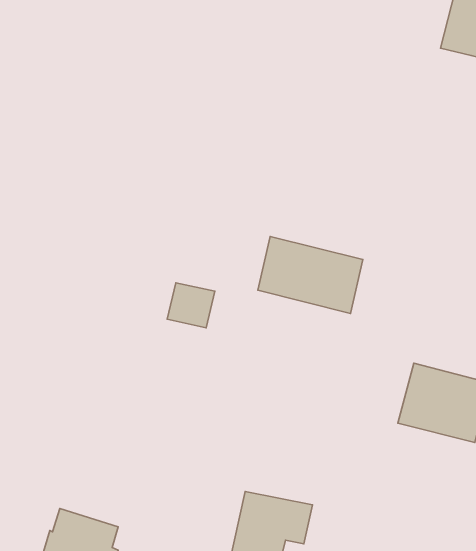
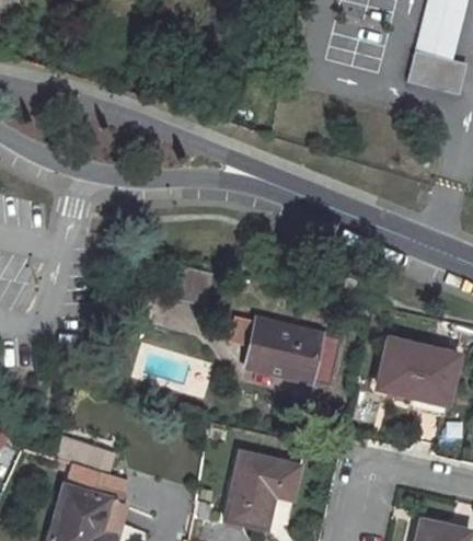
building: none -> [407,53,442,91]
building: [258,236,363,313] -> [246,318,341,387]

